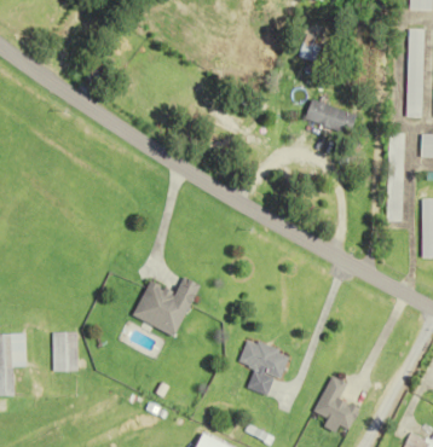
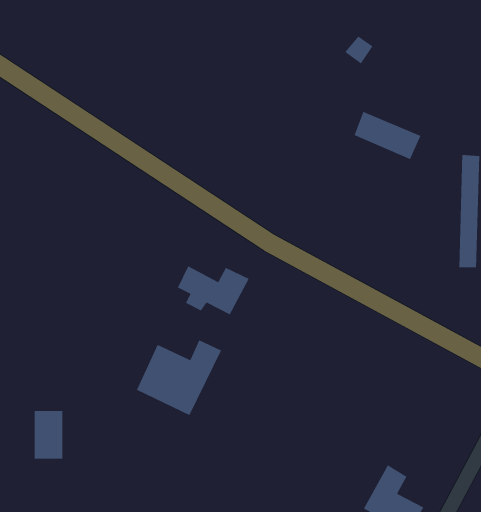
building: none -> [177,265,250,316]
building: [237,338,289,395] -> none

